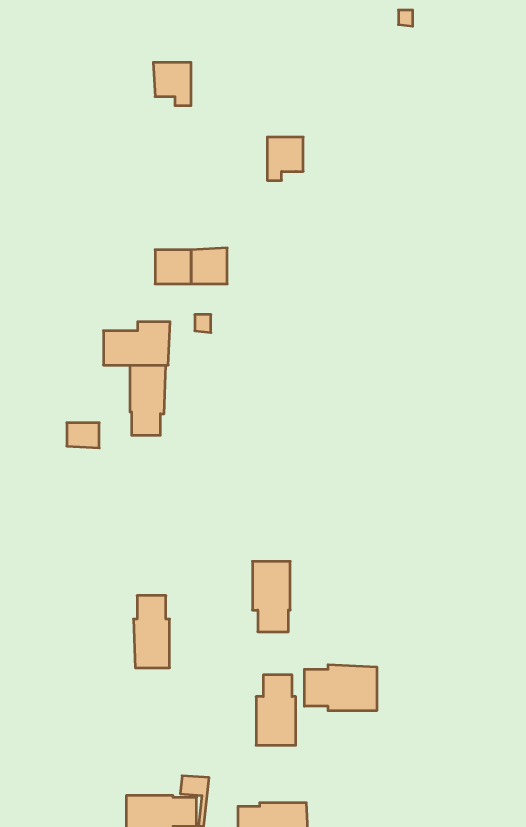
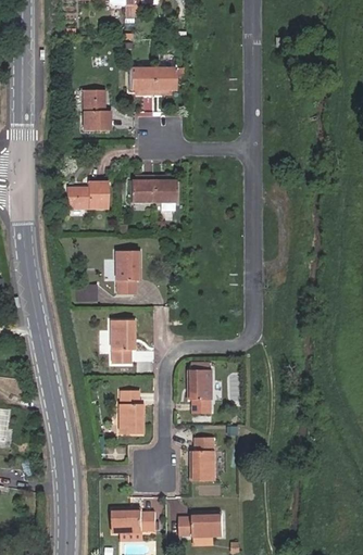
building: none -> [84,90,111,129]
building: [267,137,303,180] -> [153,67,175,93]
building: [103,322,170,365] -> [67,181,108,207]
building: none -> [112,319,133,362]
building: [304,665,377,711] -> none

